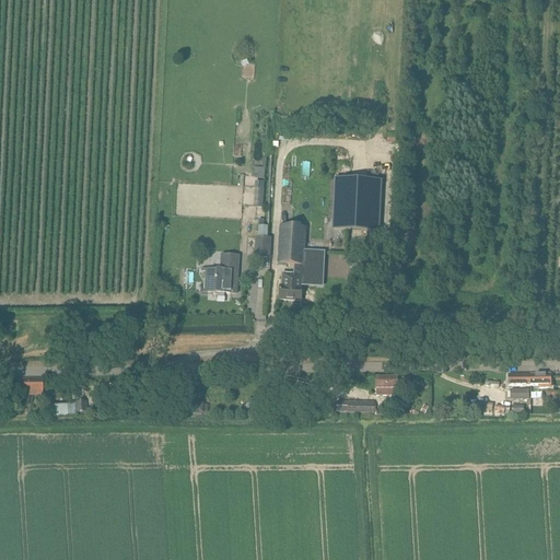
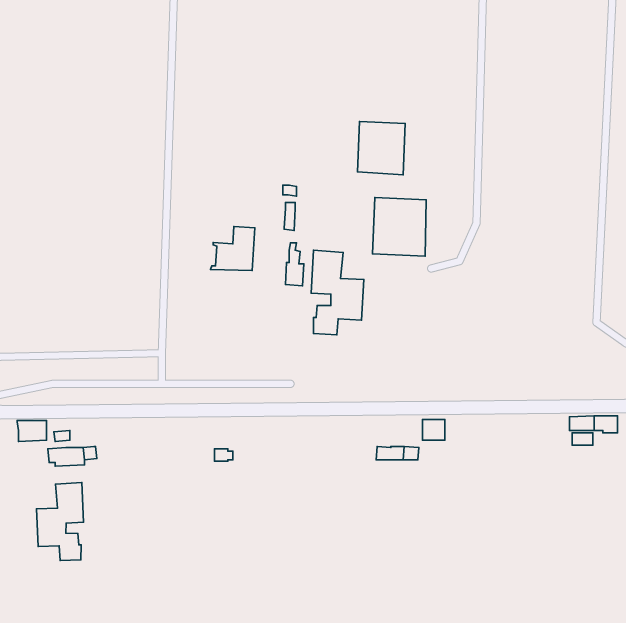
building: none -> [358,121,405,175]
building: [200,252,240,291] -> [211,227,255,271]
building: none -> [36,482,84,560]

